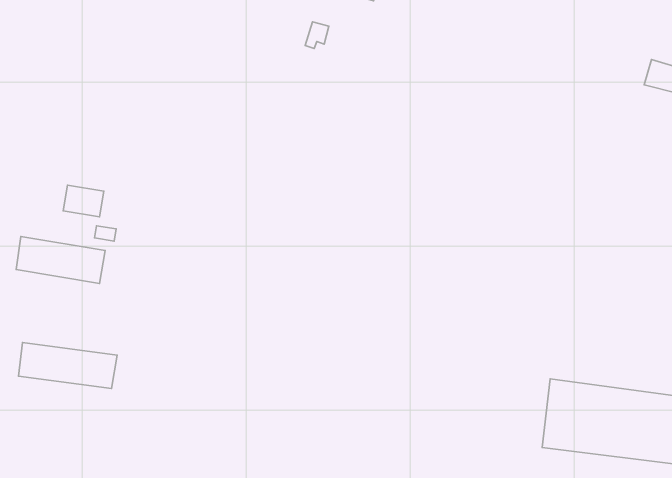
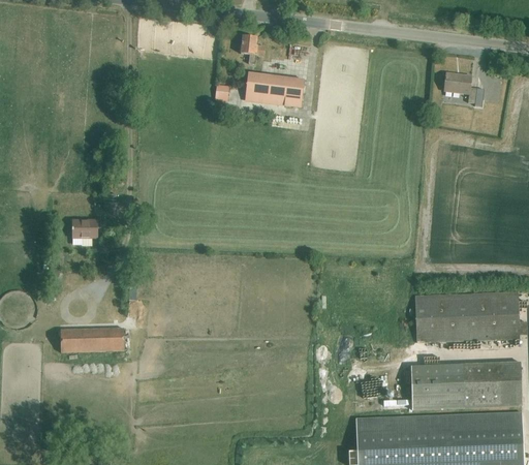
building: none -> [245,71,304,106]
building: [16,237,105,283] -> none

